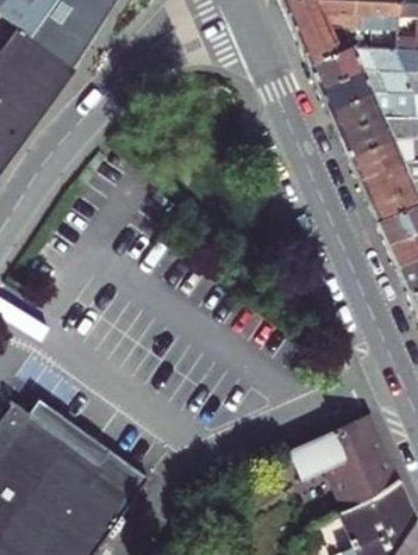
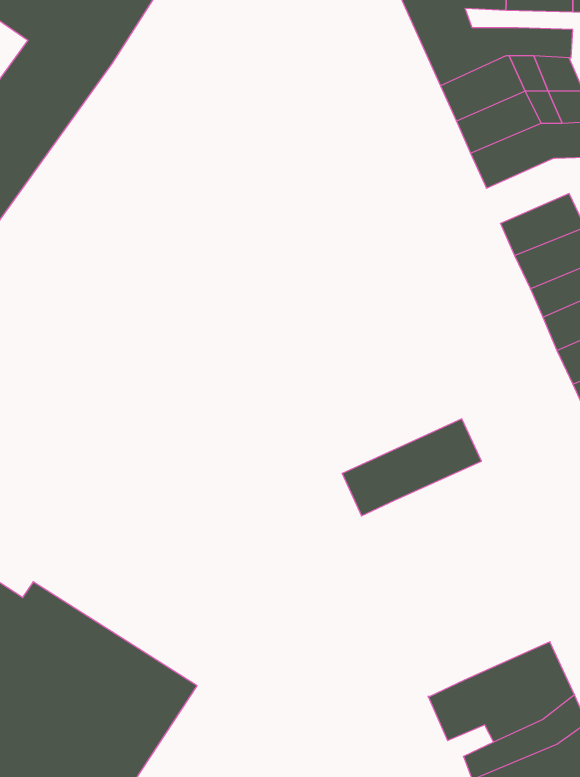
building: [341,114,397,158] -> none
building: [289,412,383,478] -> [342,419,481,516]

